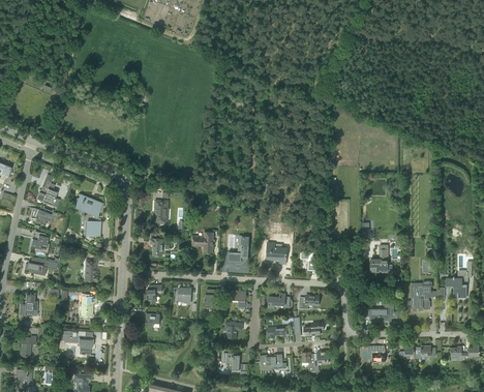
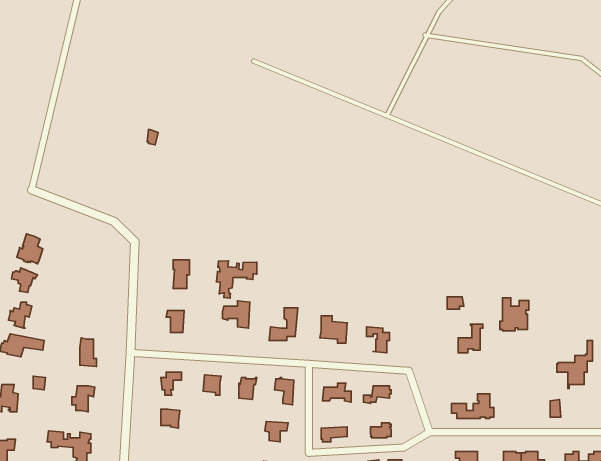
building: [75,194,101,239] -> none
building: none -> [217,261,257,298]
building: [409,283,430,308] -> [500,298,529,331]

